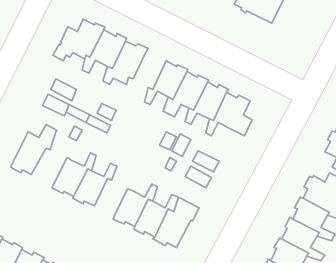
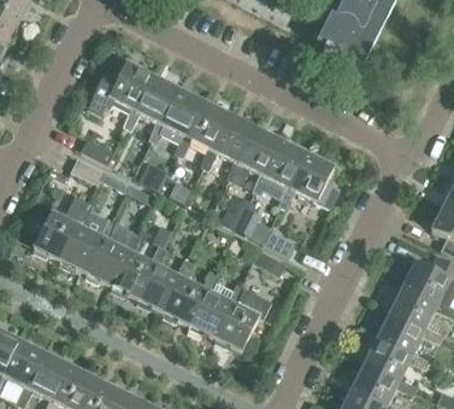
building: none -> [176,101,230,156]
building: none -> [55,217,114,273]
building: none -> [136,257,193,311]

